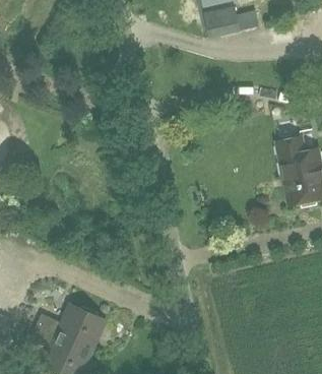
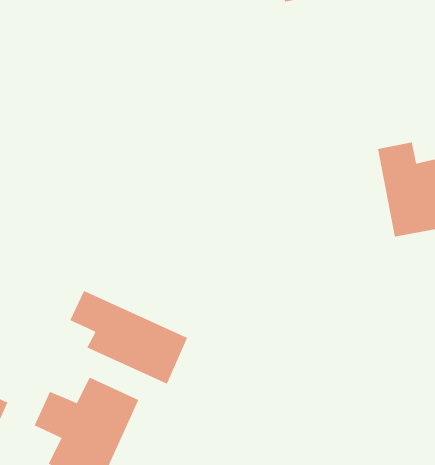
building: none -> [69,290,188,384]

